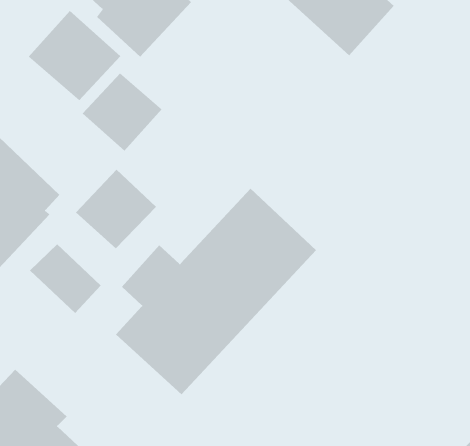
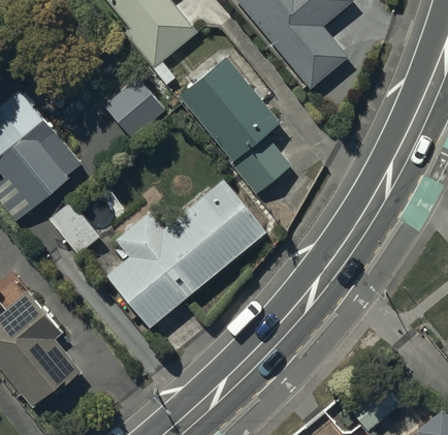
building: [28,10,121,101] -> none
building: none -> [177,55,290,193]
building: [75,169,157,249] -> none

